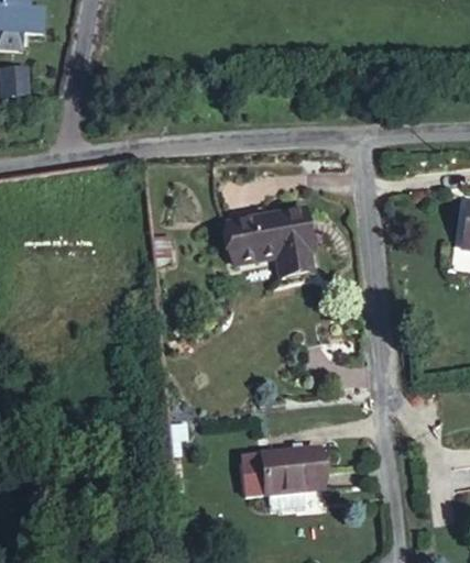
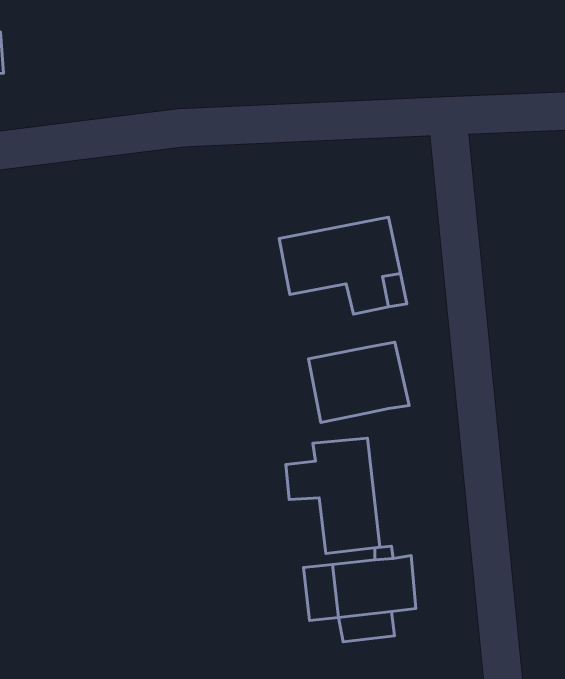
building: none -> [309,342,409,423]
building: none -> [286,438,380,554]

